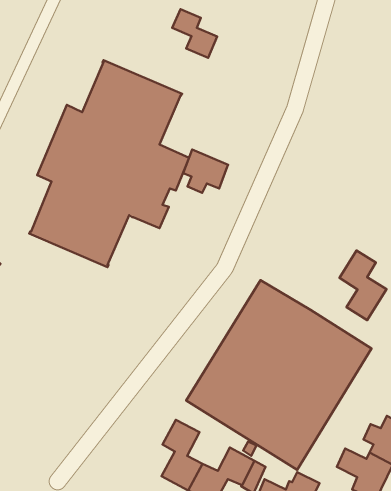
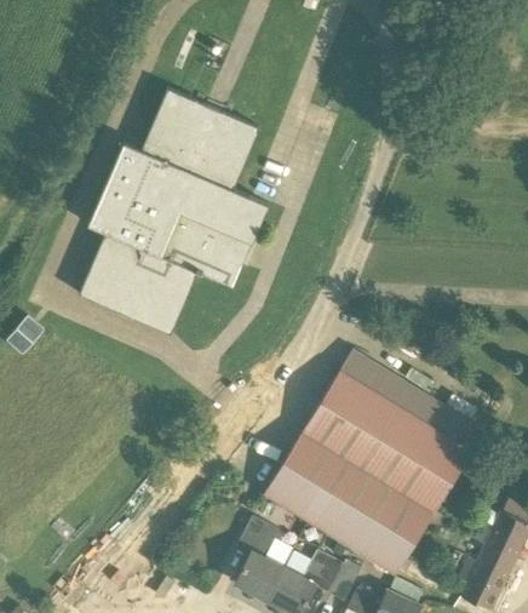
building: [172,9,217,58] -> none
building: [183,150,228,193] -> none
building: [339,251,386,320] -> none

